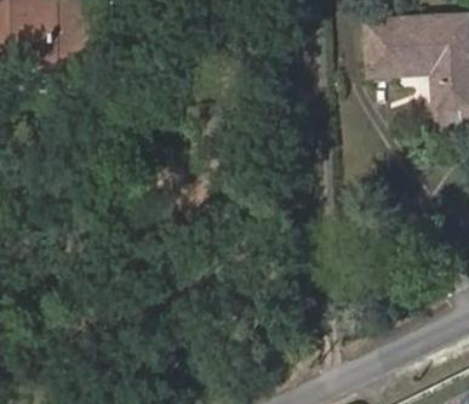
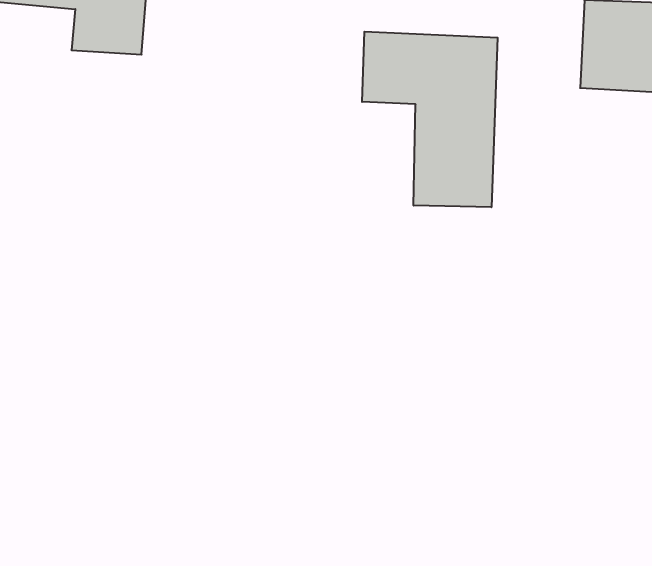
building: none -> [362,32,498,207]

